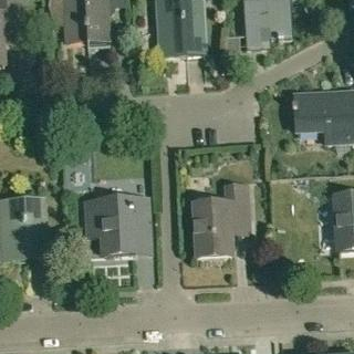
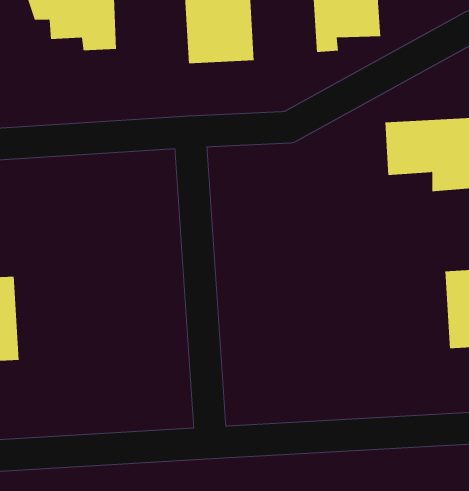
building: [192,185,247,257] -> none
building: [85,198,148,253] -> none

